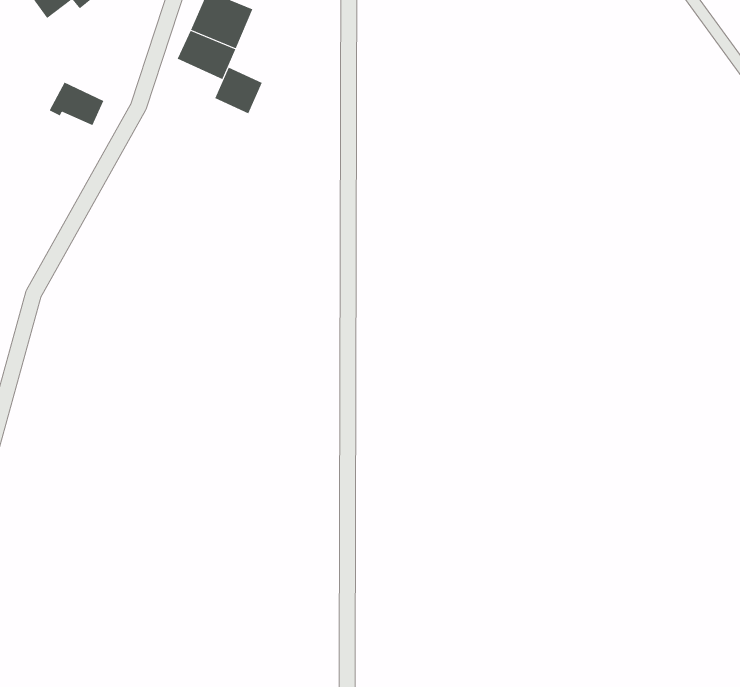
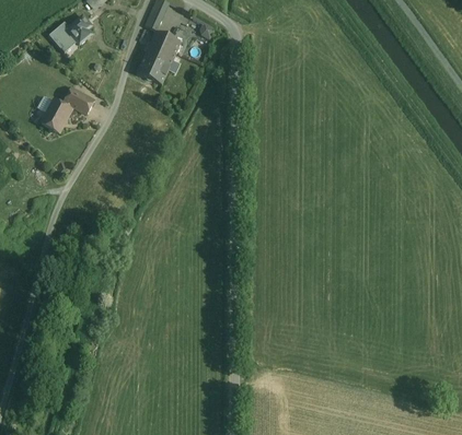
building: [214,67,263,114] -> none
building: none -> [42,99,72,132]

